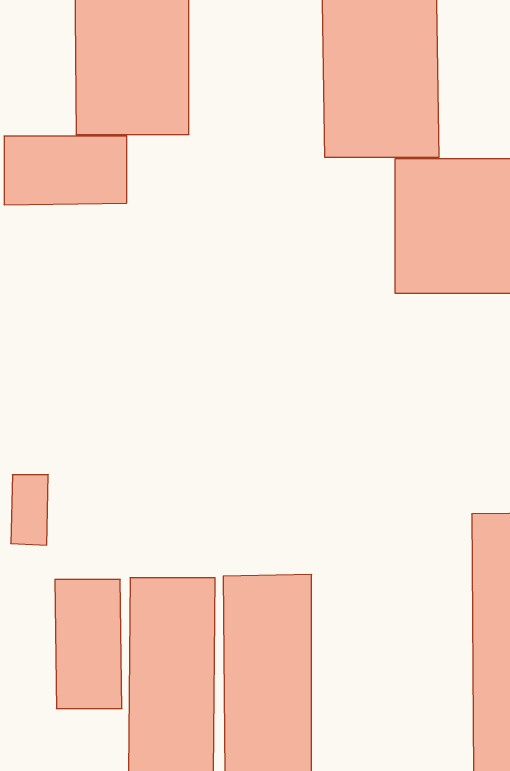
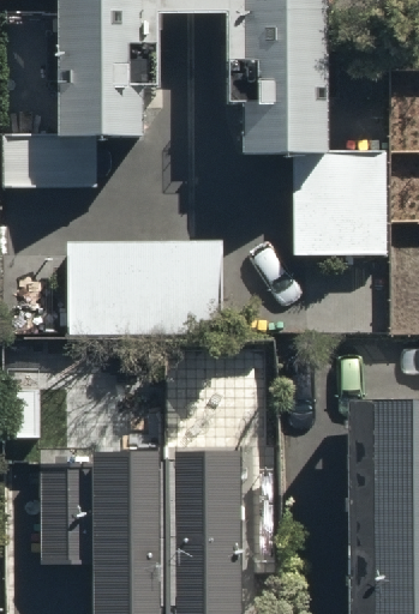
building: none -> [70,241,217,331]

